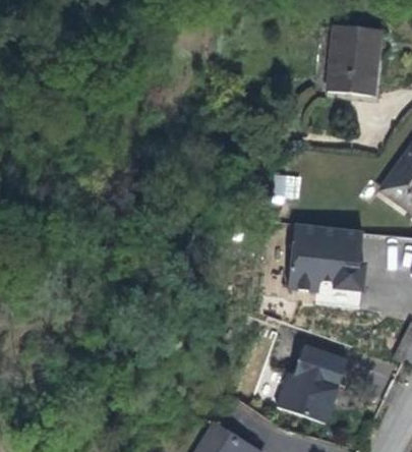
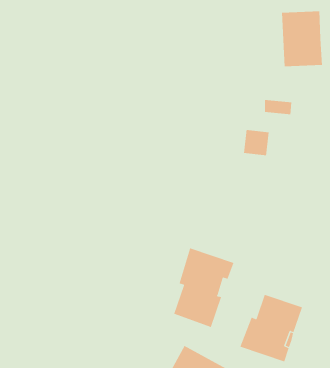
building: [291,225,367,292] -> none
building: none -> [173,247,234,328]

